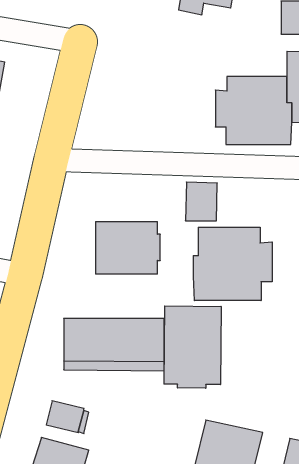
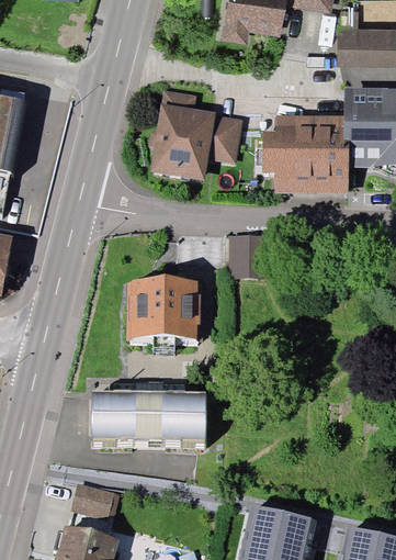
building: none -> [150,90,242,180]
building: [193,227,272,301] -> none
building: [164,306,221,388] -> none

